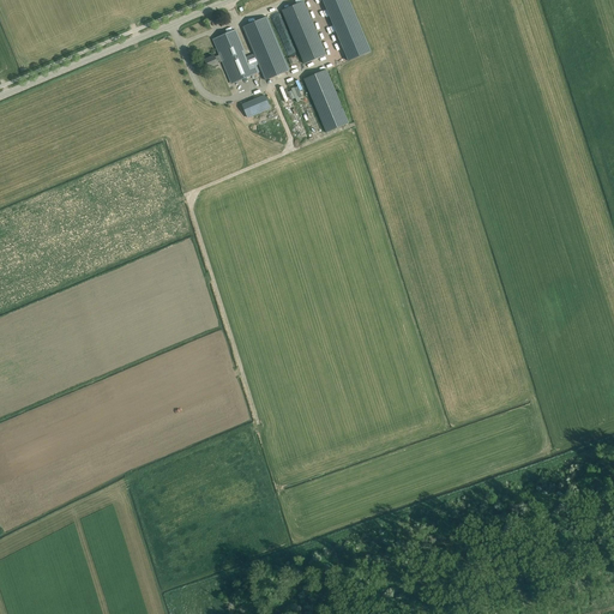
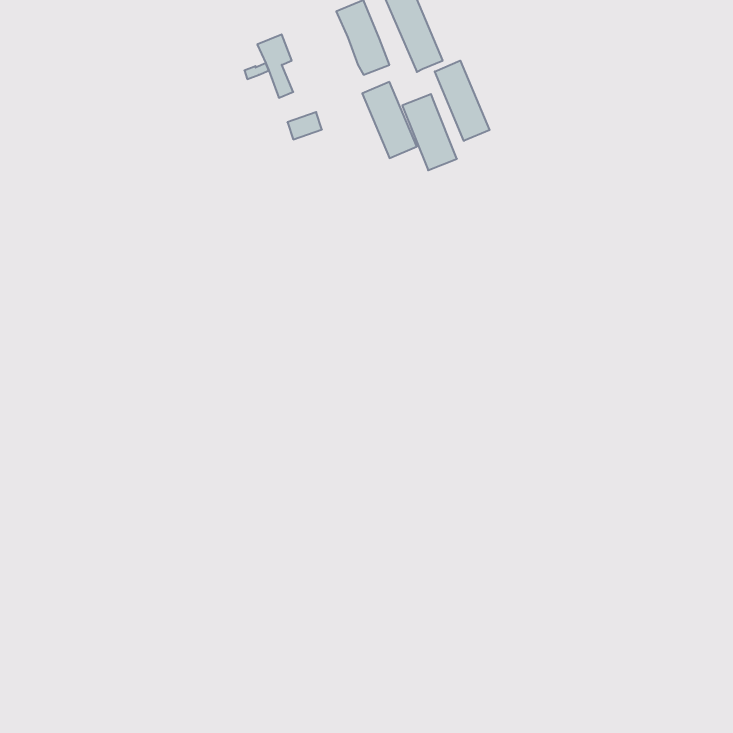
building: [242,16,288,79] -> [402,94,457,170]
building: none -> [435,61,490,141]

